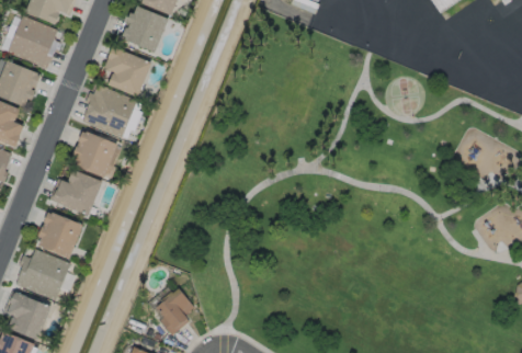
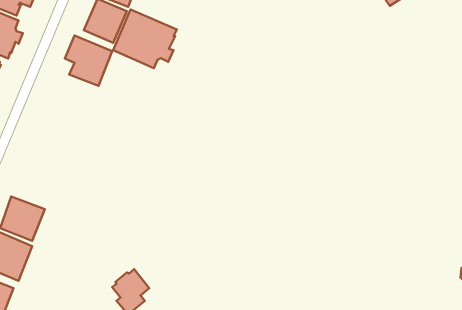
building: none -> [113,10,177,68]
building: [81,84,138,140] -> none
building: [71,132,117,178] -> none
building: [52,171,101,215] -> none

